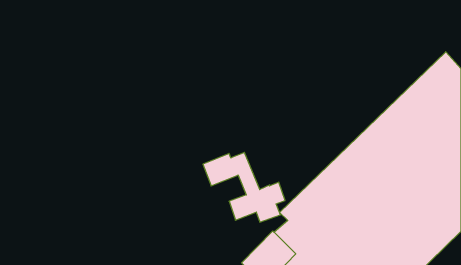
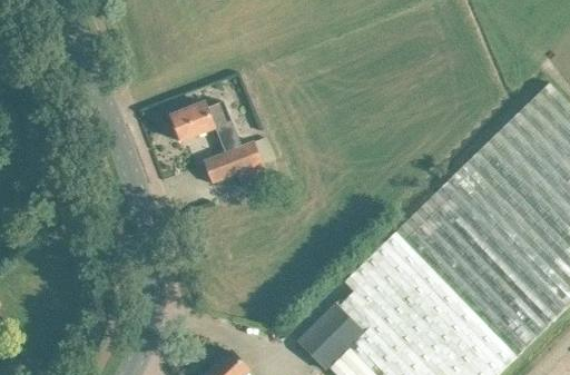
building: [203,152,285,222] -> [173,99,274,185]

